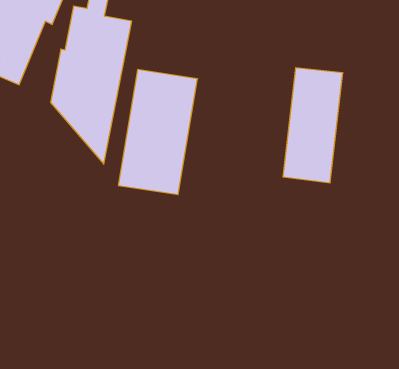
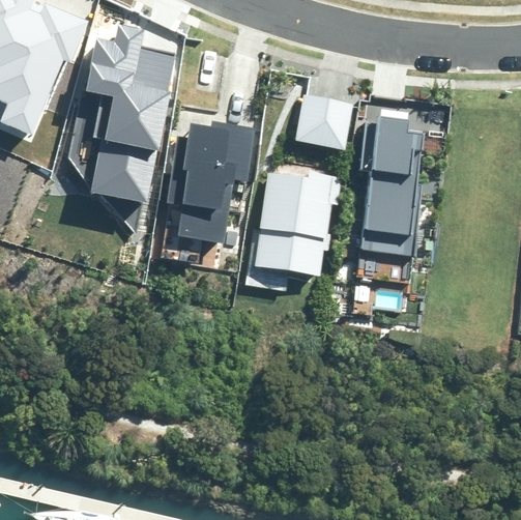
building: none -> [296,94,357,149]
building: none -> [252,174,337,295]

